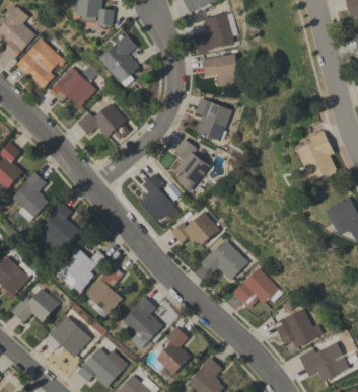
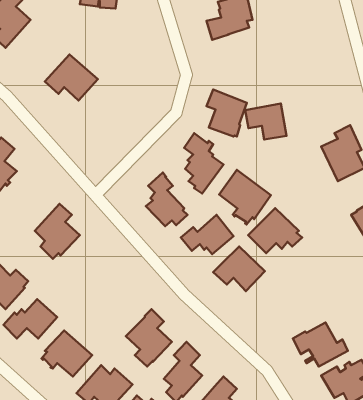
building: [100,32,140,87] -> none
building: [17,37,66,88] -> none
building: [202,53,239,85] -> [245,103,287,139]
building: [77,102,130,139] -> none
building: none -> [219,170,271,224]
building: [12,171,49,221] -> none
building: [58,247,110,291] -> none
building: [86,264,123,317] -> none
building: [233,267,282,308] -> [248,208,302,253]

